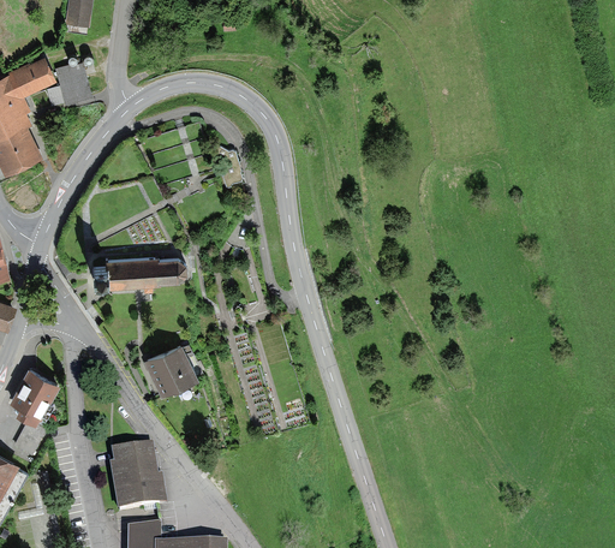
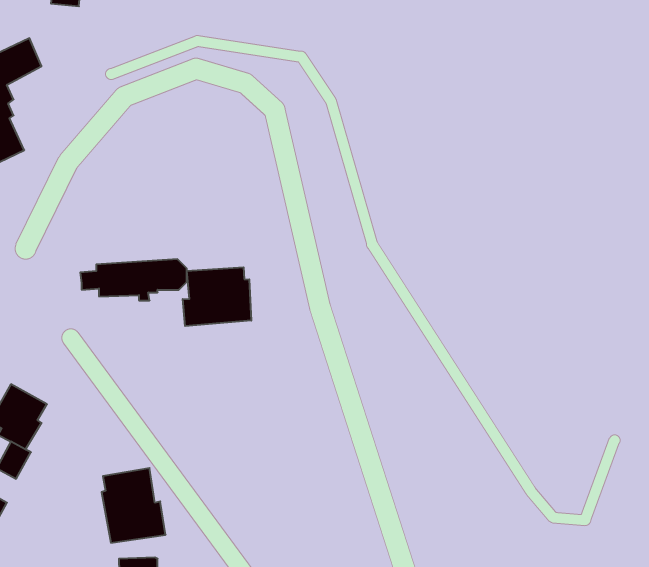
building: [46,64,92,106] -> none
building: none -> [183,267,251,326]
building: [144,342,195,393] -> none

